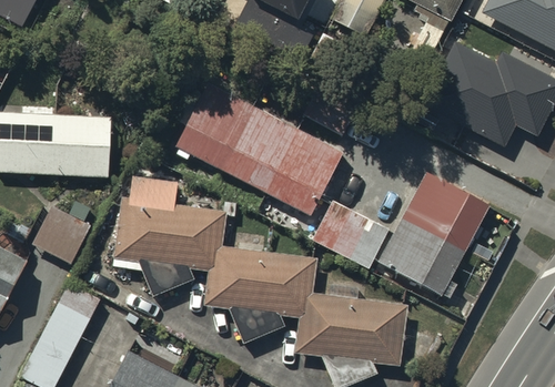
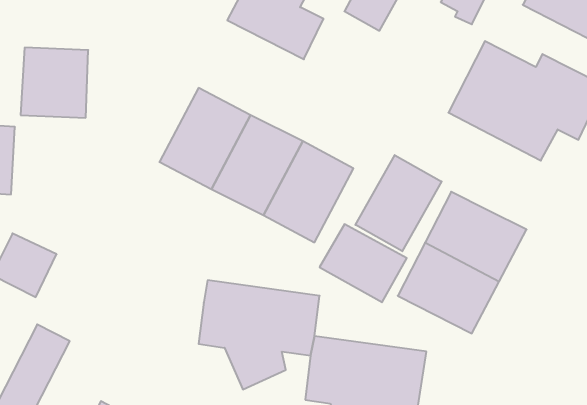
building: [51,116,109,176] -> [21,48,88,118]
building: none -> [355,155,442,251]
building: [120,179,223,295] -> none

